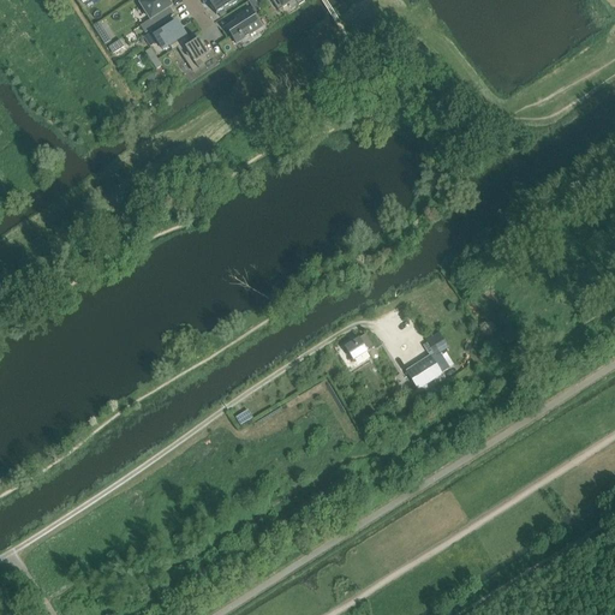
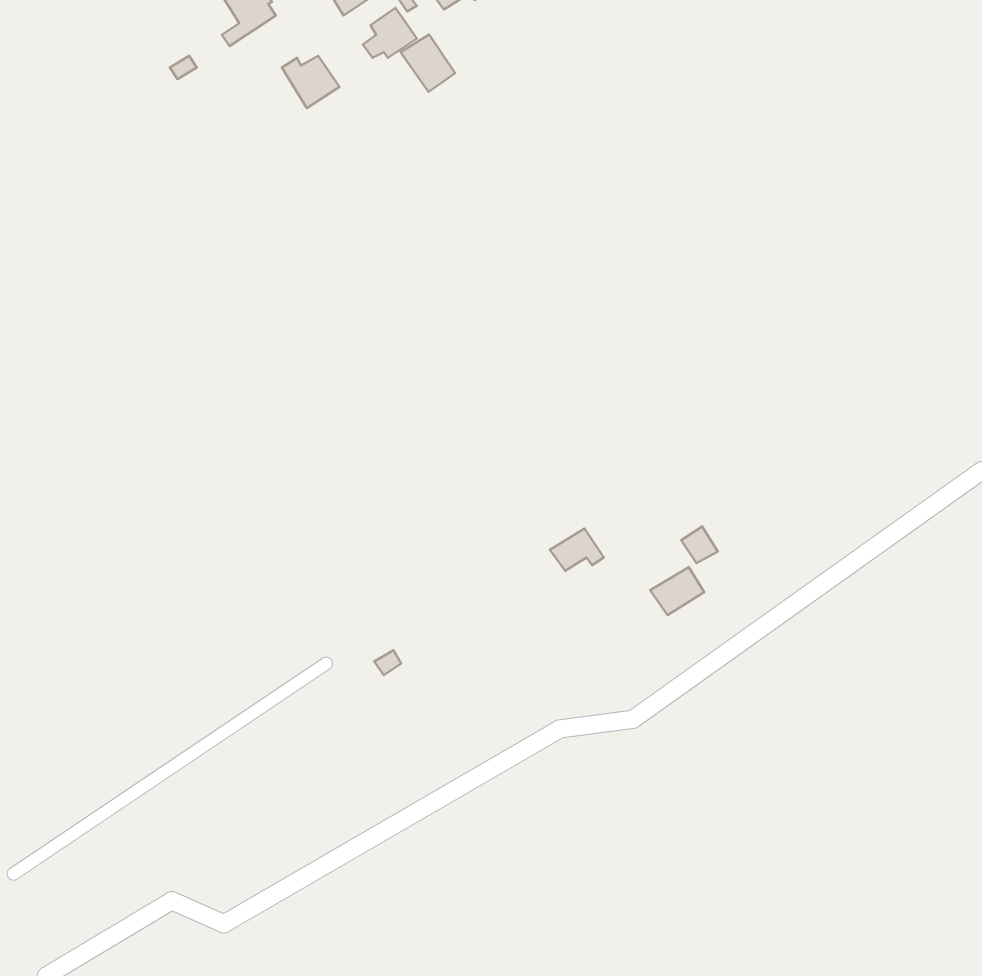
building: [153,17,185,46] -> none
building: none -> [401,35,455,92]

